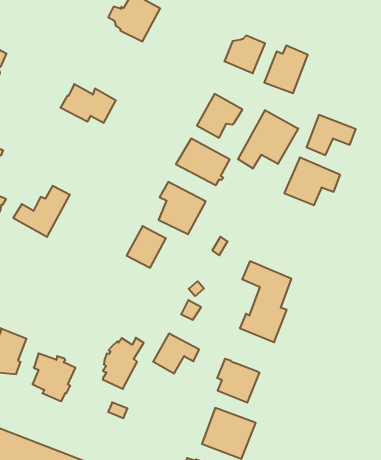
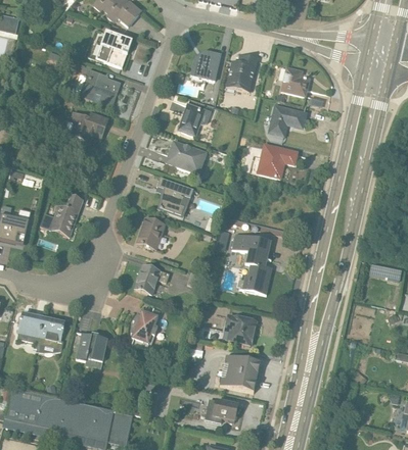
building: none -> [80,67,121,104]
building: none -> [281,67,310,95]
building: [238,110,298,169] -> none
building: [153,334,199,374] -> [134,263,170,295]

